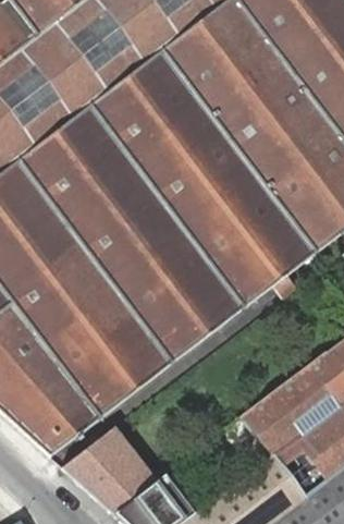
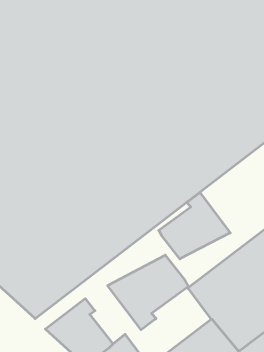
building: none -> [159,193,230,259]
building: none -> [108,255,188,330]

